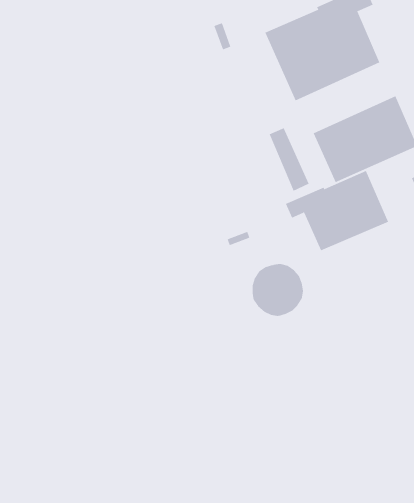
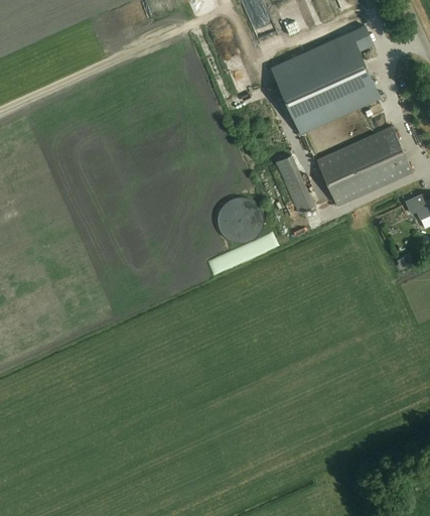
building: [285,170,389,251] -> none
building: [252,263,304,316] -> [217,196,264,244]

